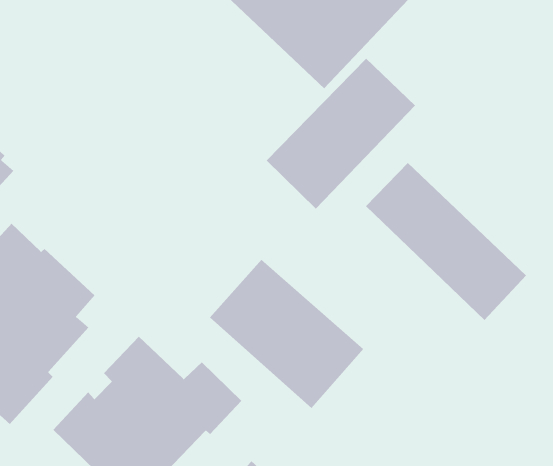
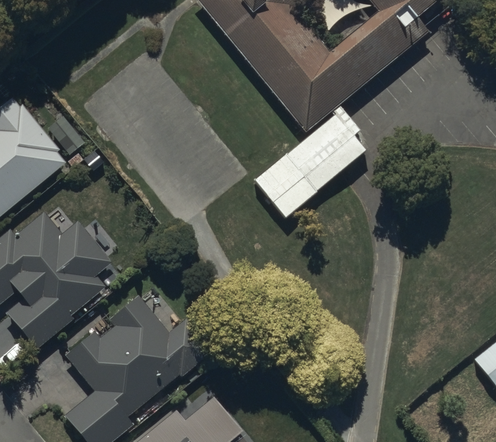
building: [365,162,527,321] -> none
building: [209,259,364,409] -> none

